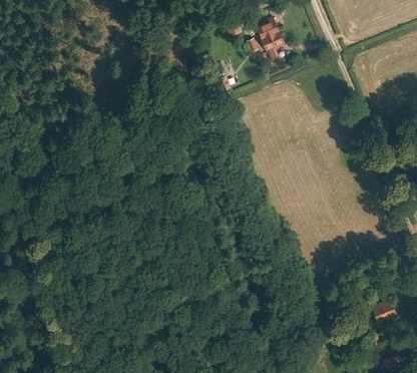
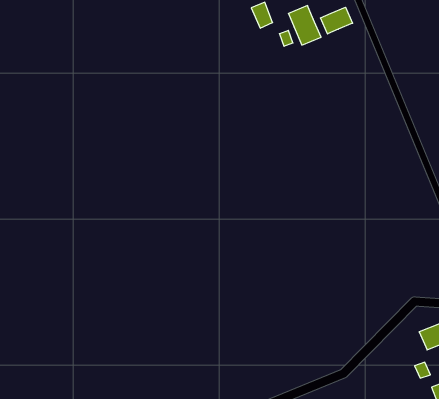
building: none -> [320,7,353,34]

